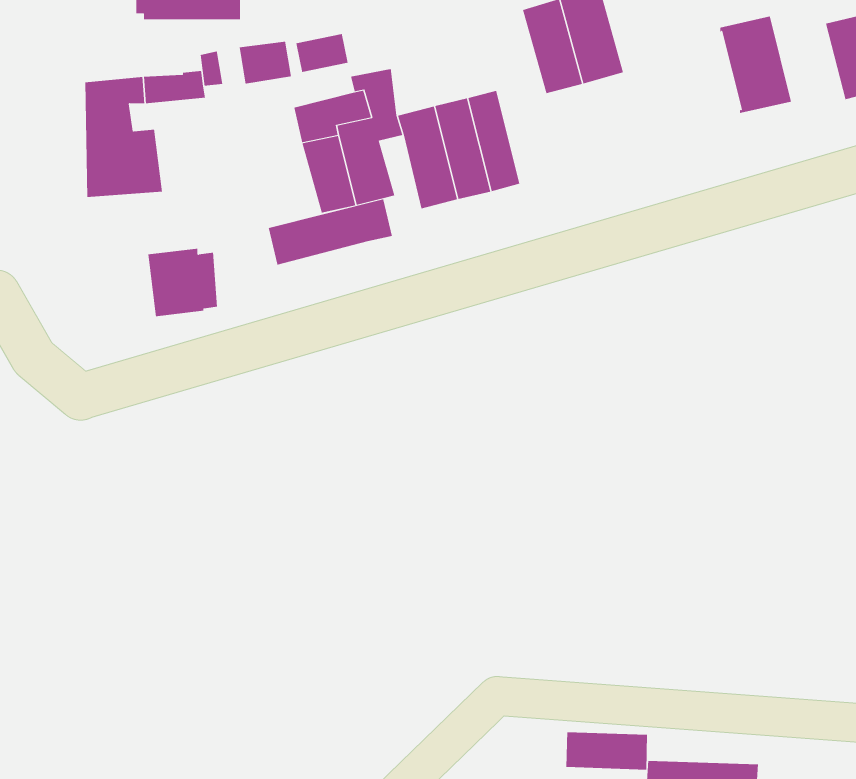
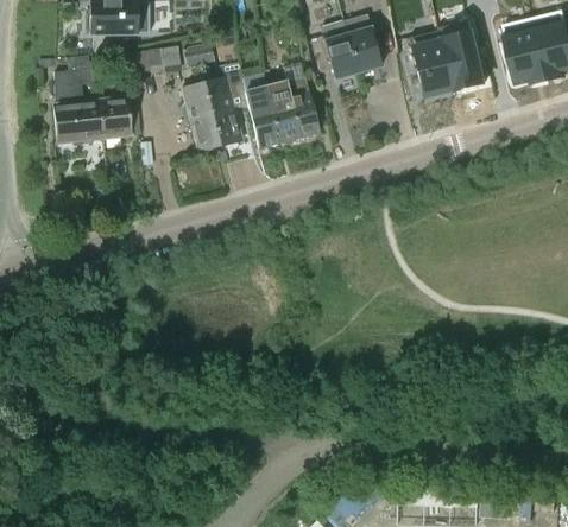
building: none -> [411,40,453,95]
building: [268,199,393,265] -> none
building: [147,248,218,317] -> [96,96,139,138]
building: [566,731,648,770] -> none

